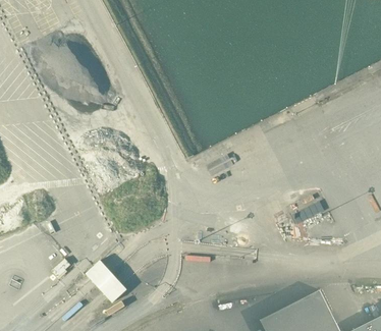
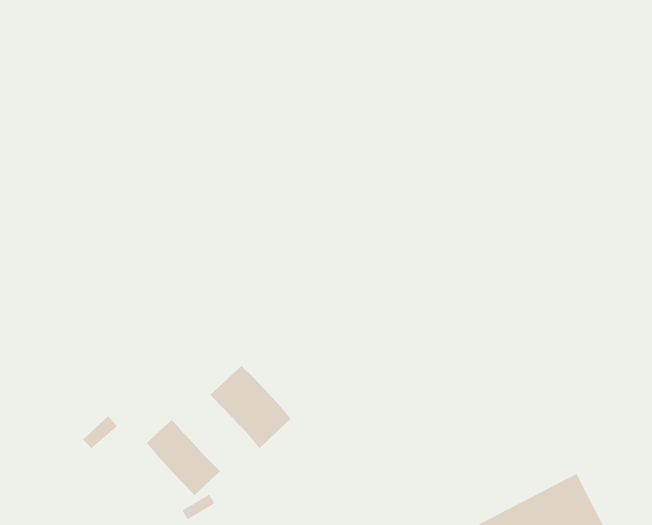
building: none -> [210,365,292,449]

